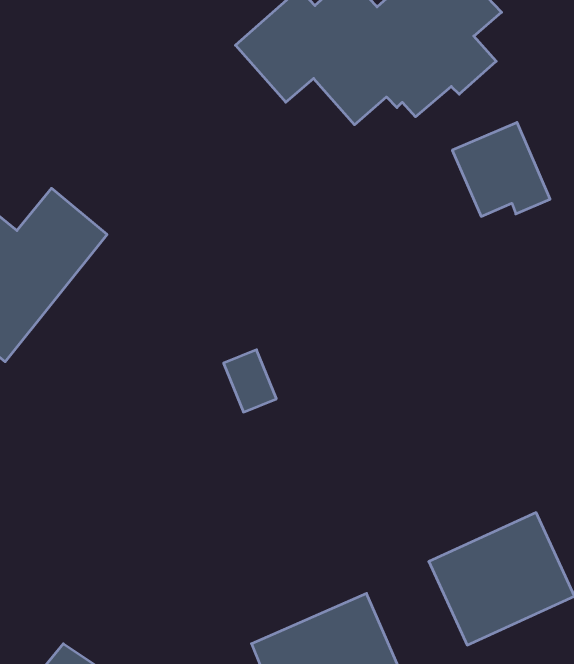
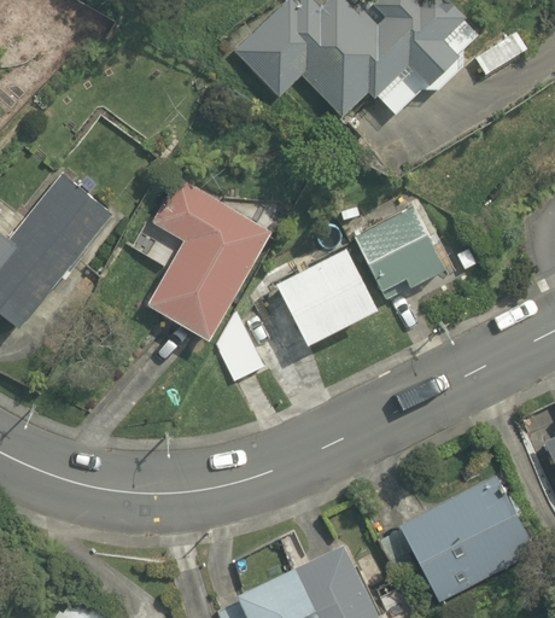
building: [452,122,550,216] -> [354,210,443,296]
building: none -> [145,175,271,344]
building: none -> [273,251,373,352]

